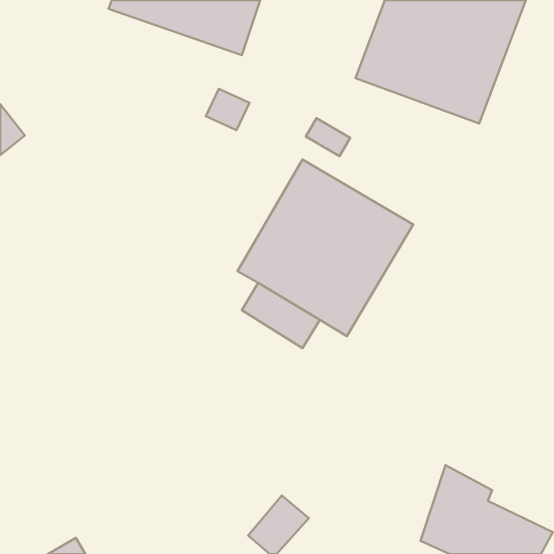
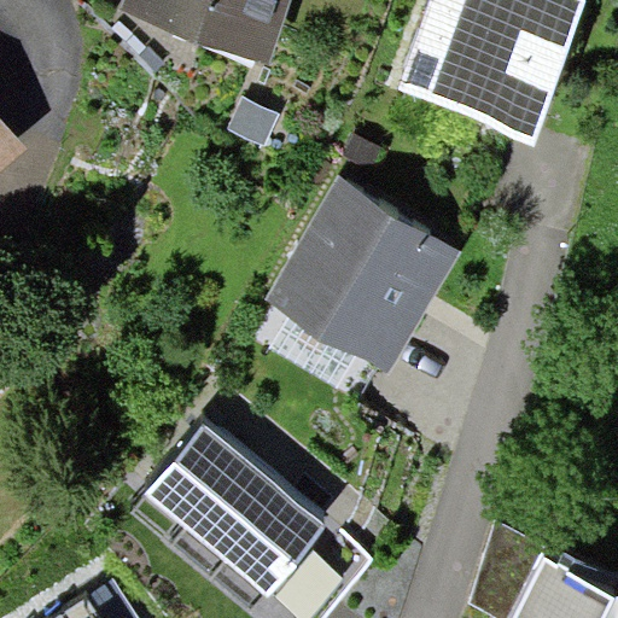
building: none -> [146,424,327,595]

